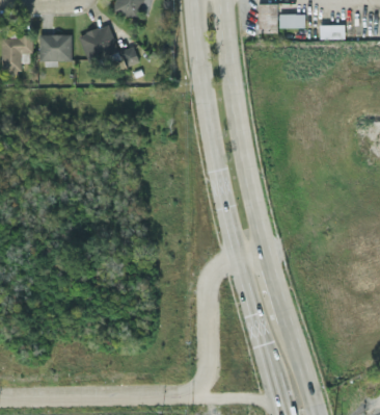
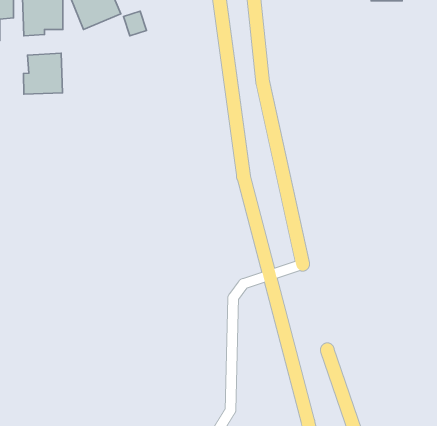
building: none -> [24,53,63,94]

